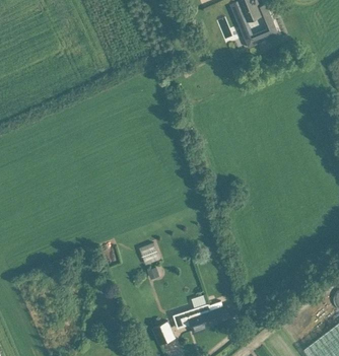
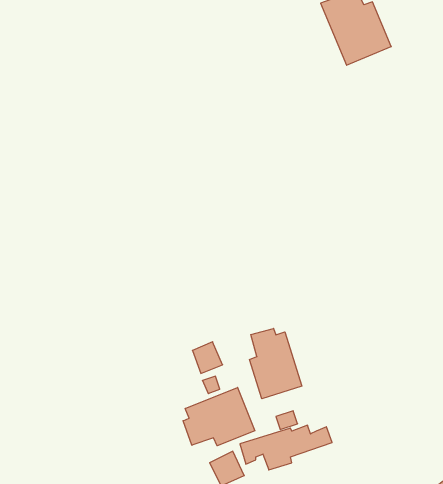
building: none -> [250,328,302,399]
building: none -> [183,387,255,446]

